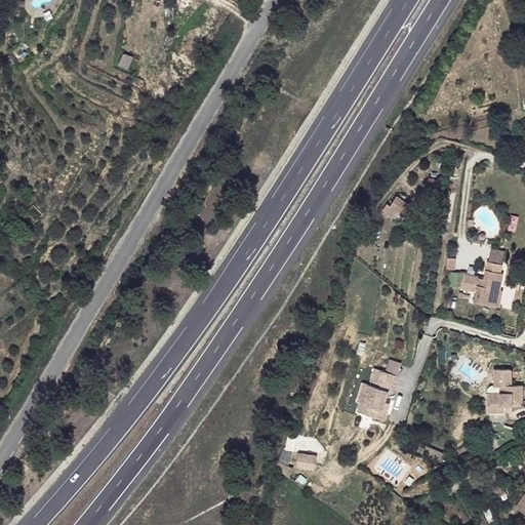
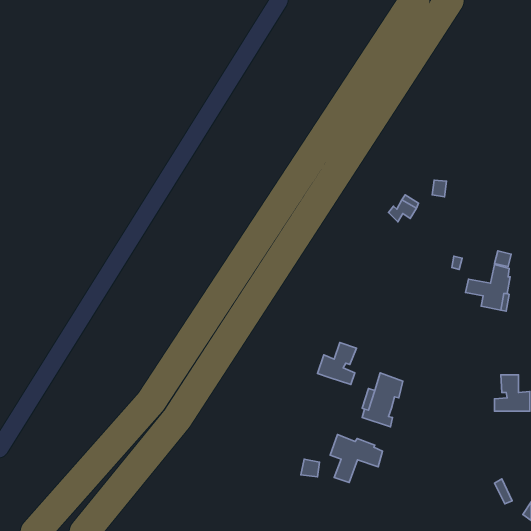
building: none -> [318,342,356,385]
building: none -> [330,435,382,482]

